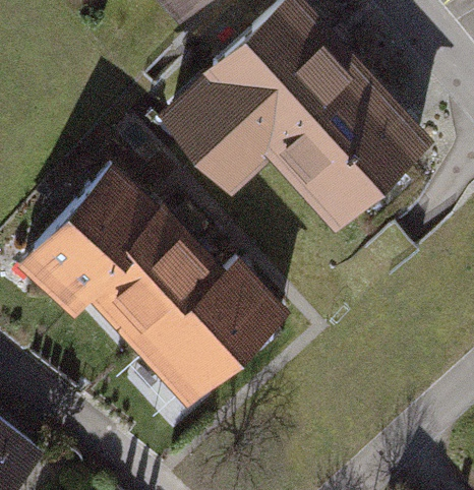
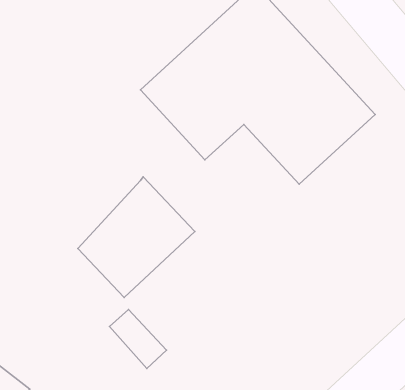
building: [23,171,163,313] -> none
building: [144,262,287,402] -> none

